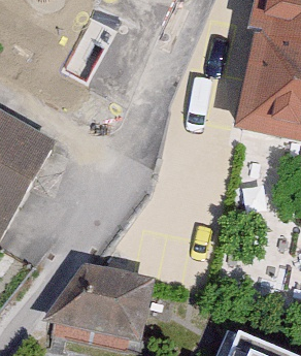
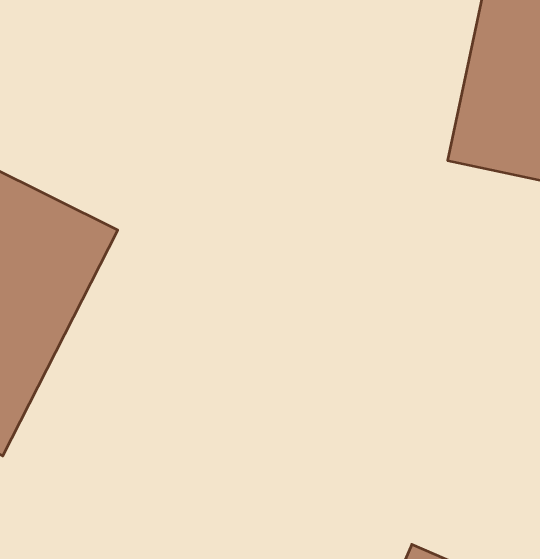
building: [51,253,149,320] -> none

